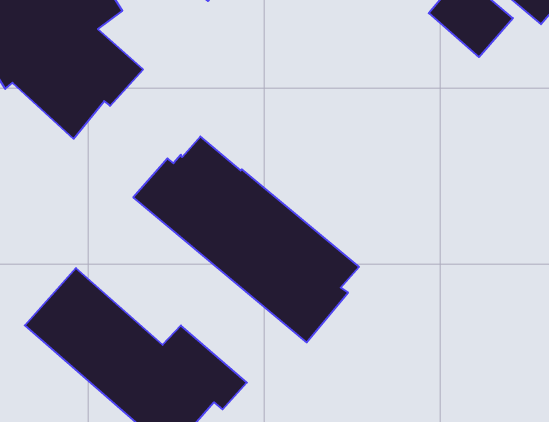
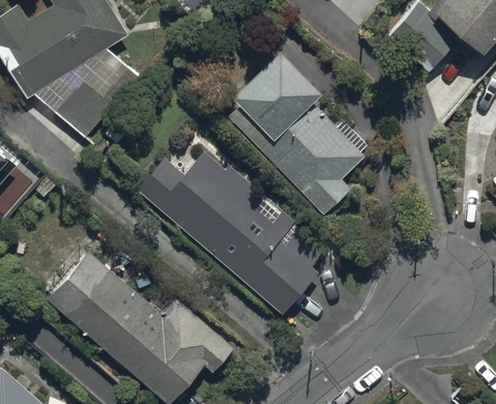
building: none -> [229,46,368,214]

